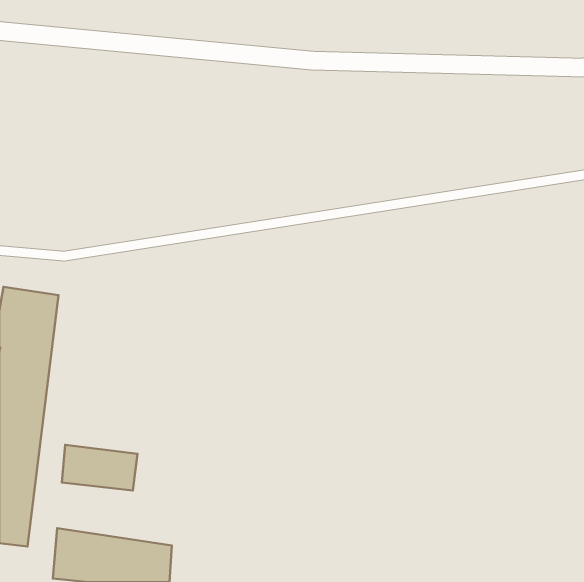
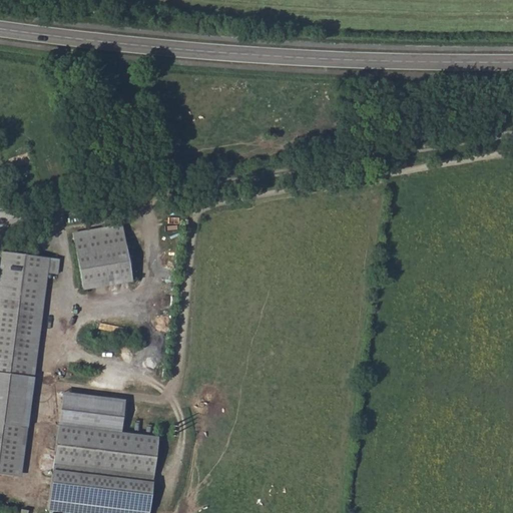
building: none -> [71,222,137,291]
building: none -> [50,423,154,478]

